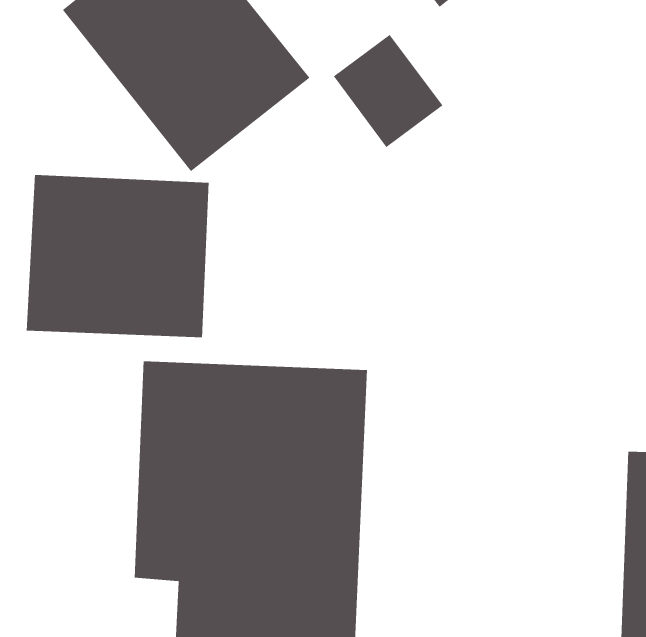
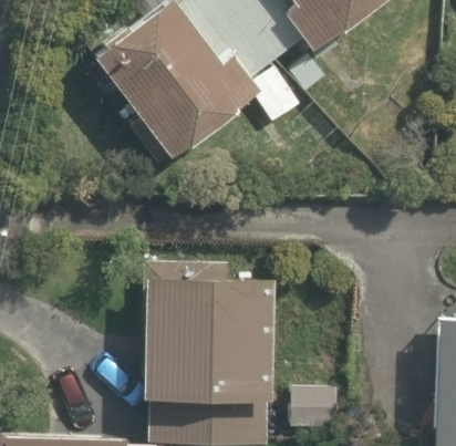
building: [26,174,210,338] -> none

